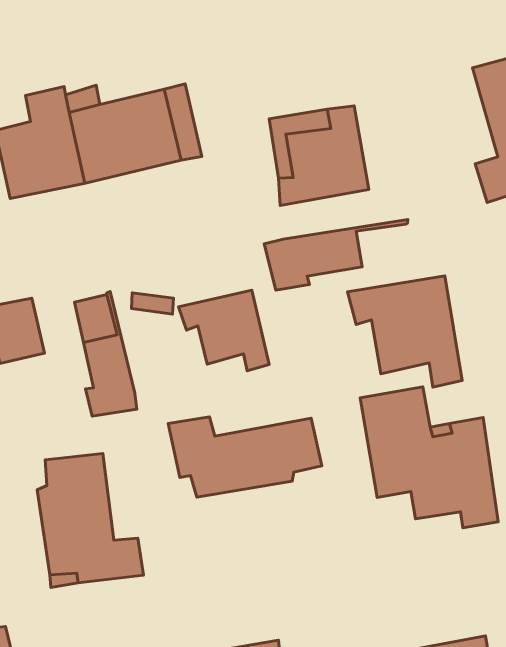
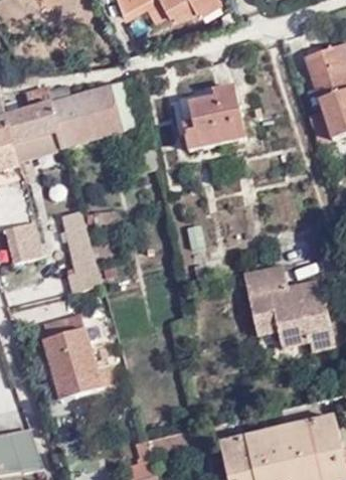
building: [264,220,408,290] -> none
building: [347,276,462,387] -> none
building: [179,290,269,371] -> none
building: [168,417,322,497] -> none

